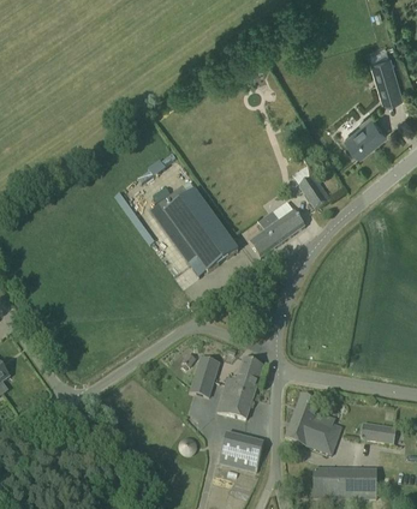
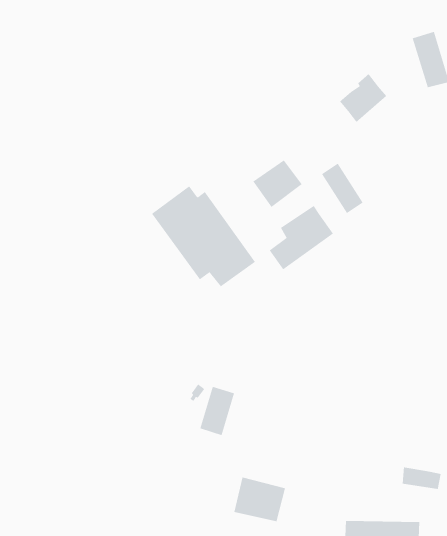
building: [345,114,386,156] -> [339,73,387,123]
building: none -> [253,159,302,208]
building: [216,359,263,419] -> none
building: [285,394,341,455] -> none

